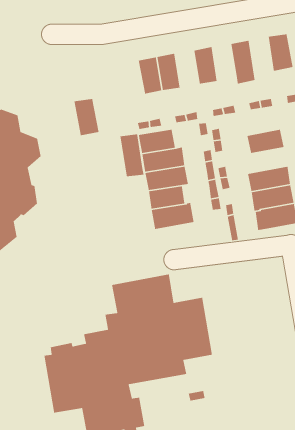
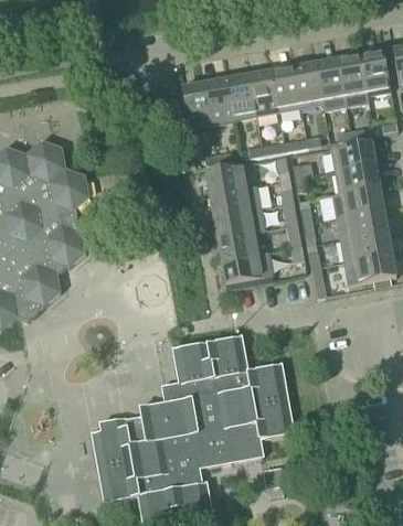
building: none -> [337,52,369,105]
building: none -> [293,61,321,106]
building: none -> [248,68,277,114]
building: [74,98,99,136] -> [181,80,212,126]
building: none -> [330,139,374,170]
building: [120,134,144,177] -> none
building: none -> [330,184,383,215]

